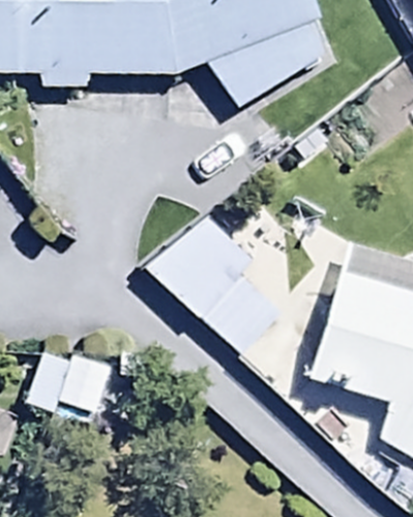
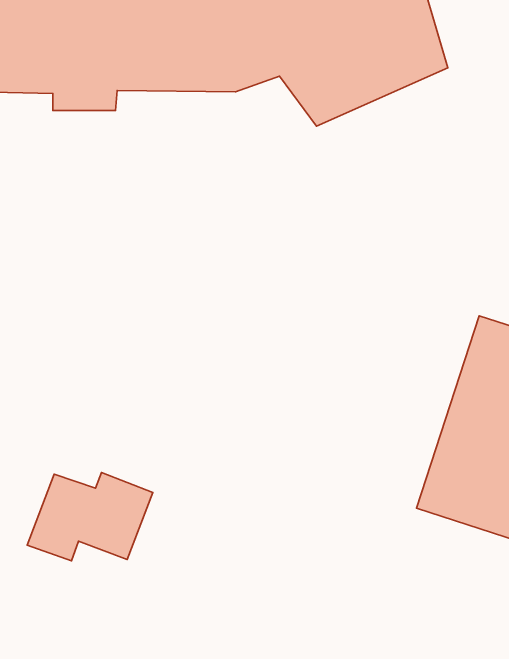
building: [144,219,281,355] -> none

